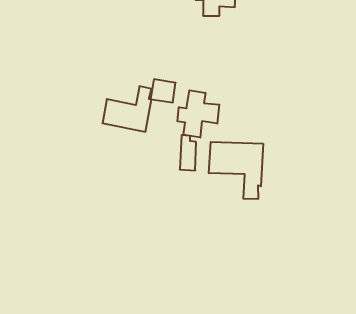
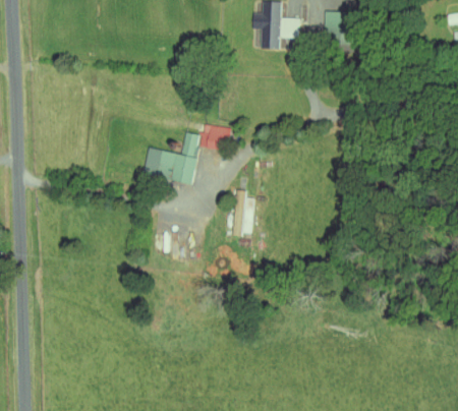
building: [178,90,219,138] -> none
building: [209,142,263,199] -> none

